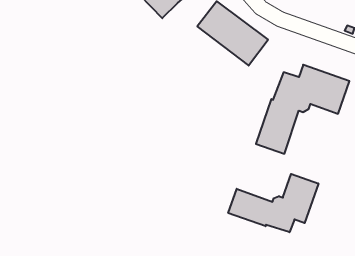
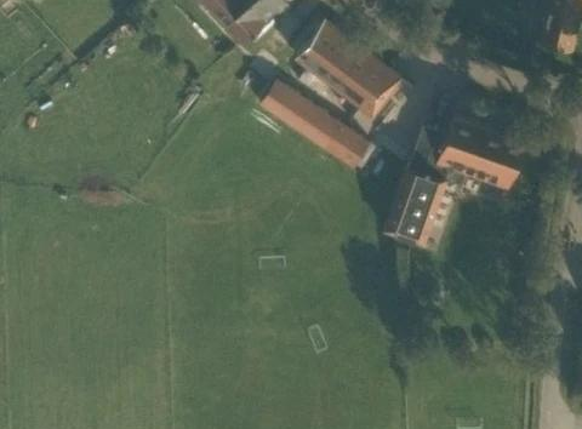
building: none -> [261,81,372,170]
building: [228,174,318,232] -> none

